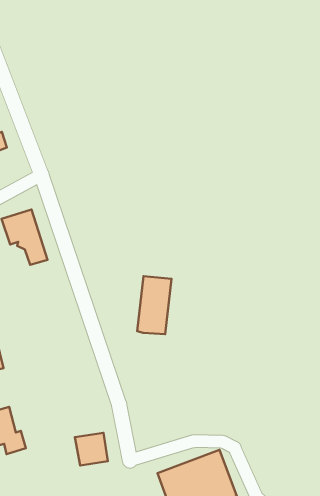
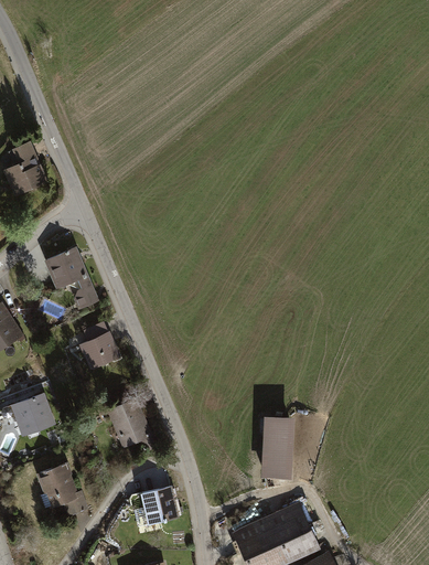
building: [137,276,172,334] -> [258,414,292,476]
building: none -> [79,320,120,367]
building: none -> [109,396,152,443]

